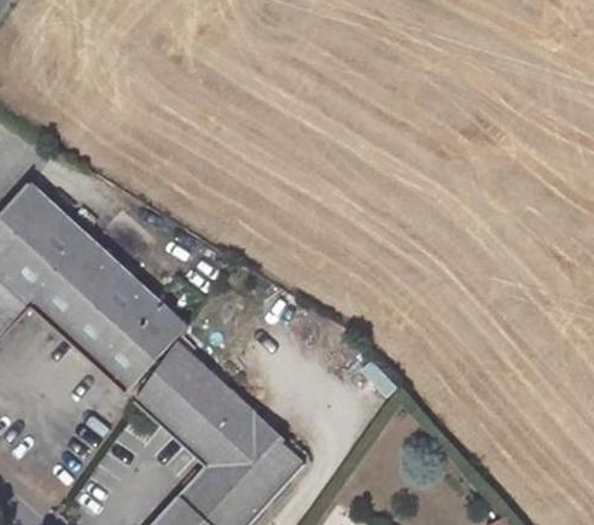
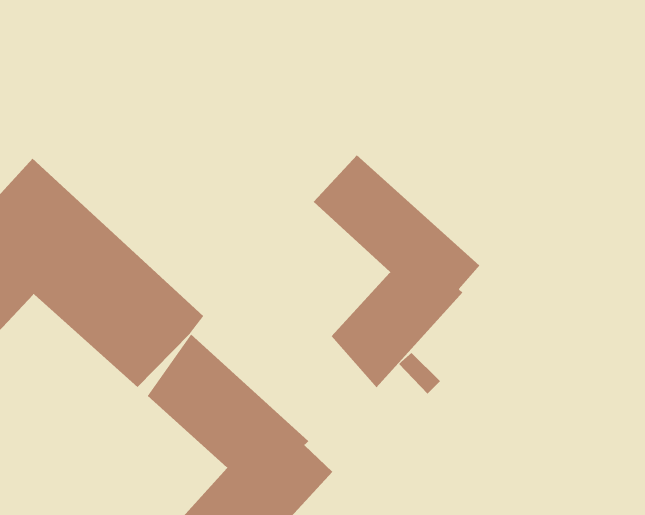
building: none -> [313,155,480,388]

